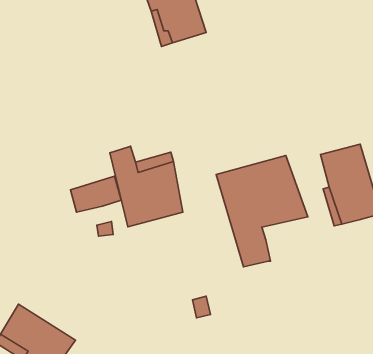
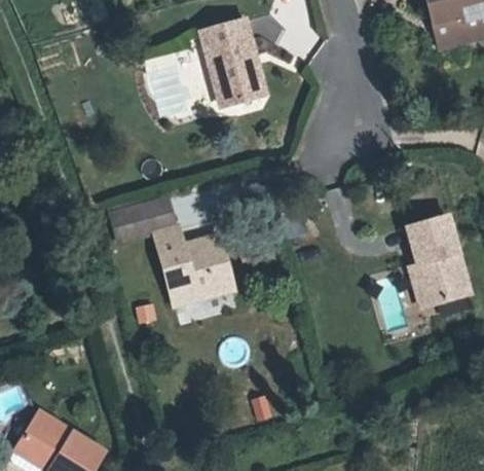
building: [216,155,308,267] -> none
building: [71,176,121,212] -> [114,192,175,236]

